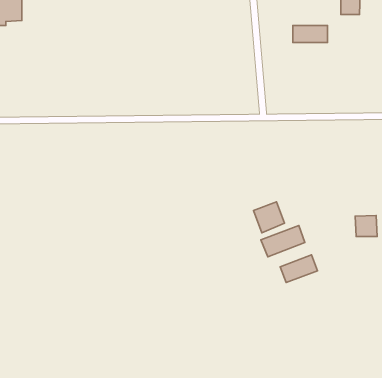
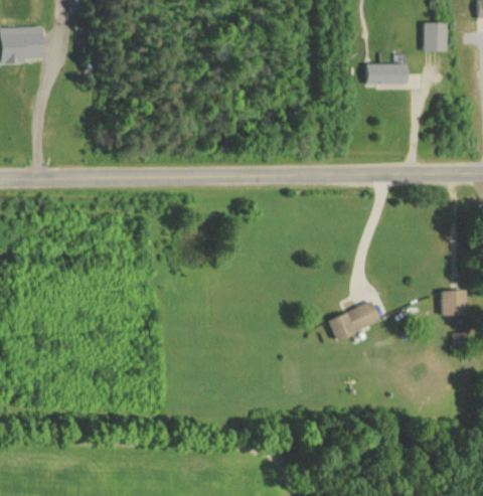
building: [253,202,285,233] -> none
building: [280,255,317,282] -> none

